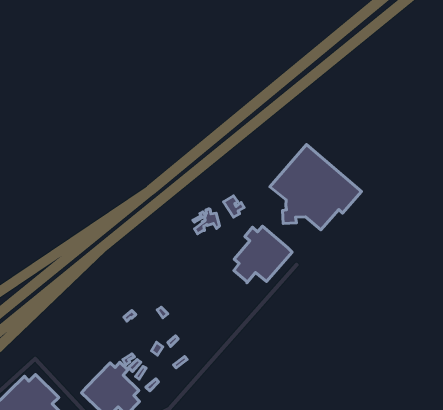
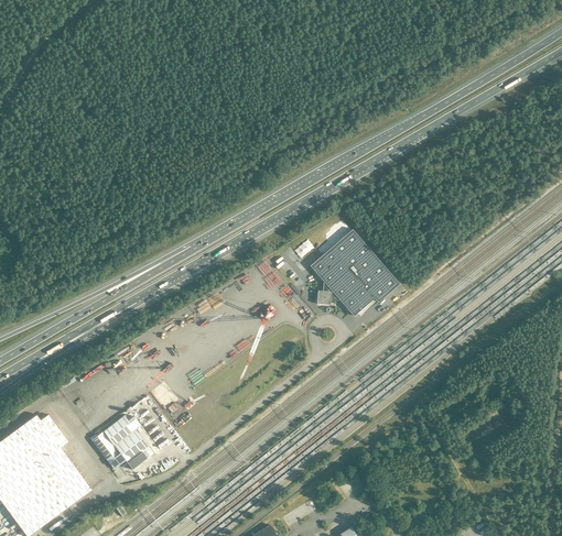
building: [234,226,292,283] -> none

